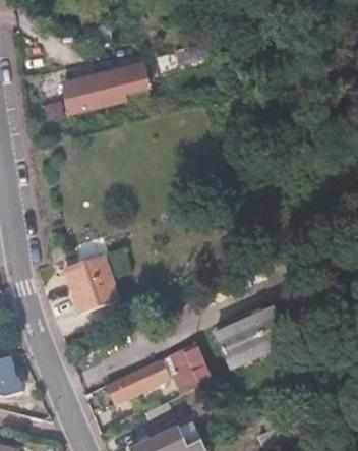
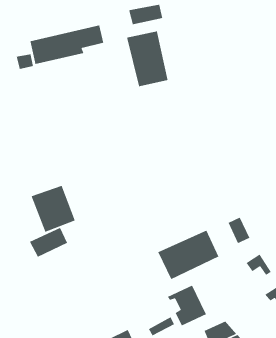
building: none -> [126,30,169,87]
building: [163,343,211,393] -> [167,285,207,327]
building: [105,367,152,403] -> [29,227,68,258]

